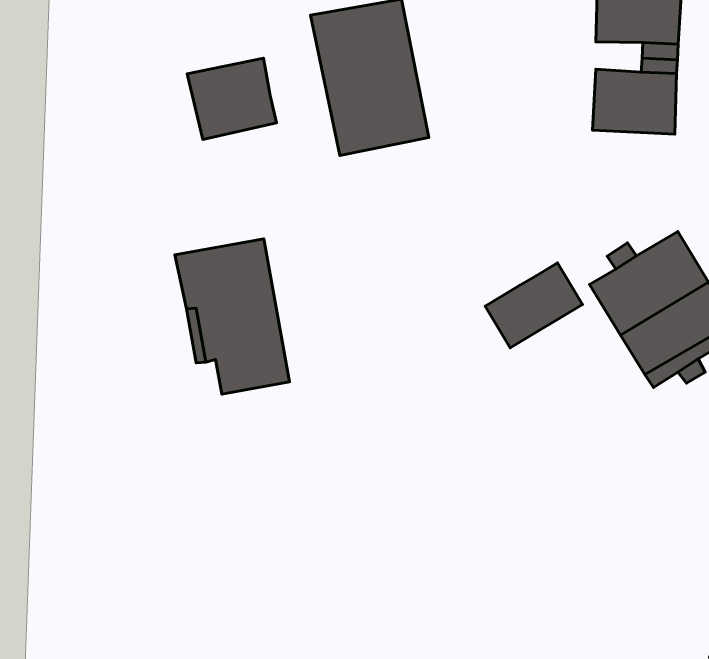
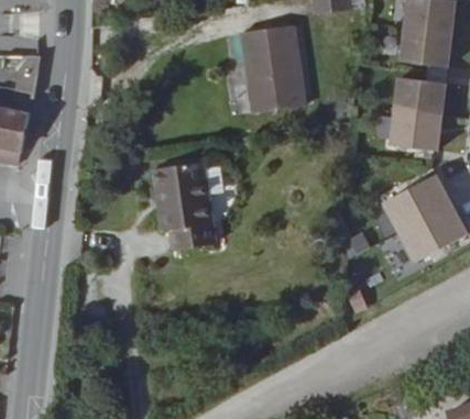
building: [187,58,276,140] -> none
building: none -> [389,113,438,152]
building: [485,263,582,348] -> none

